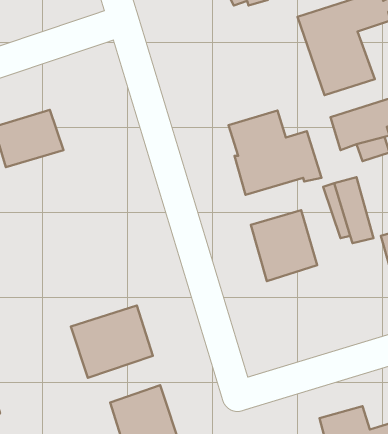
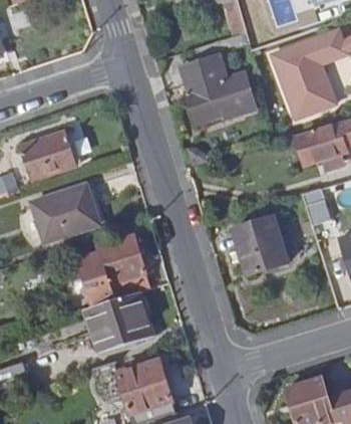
building: [228,110,321,195] -> [179,54,255,124]
building: none -> [32,183,96,237]
building: none -> [81,236,148,304]

